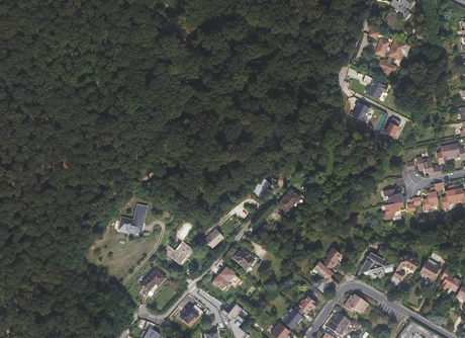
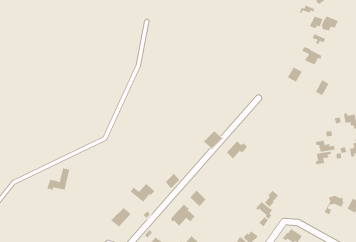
building: [118,203,147,231] -> [46,168,70,191]
building: [359,252,392,277] -> none

